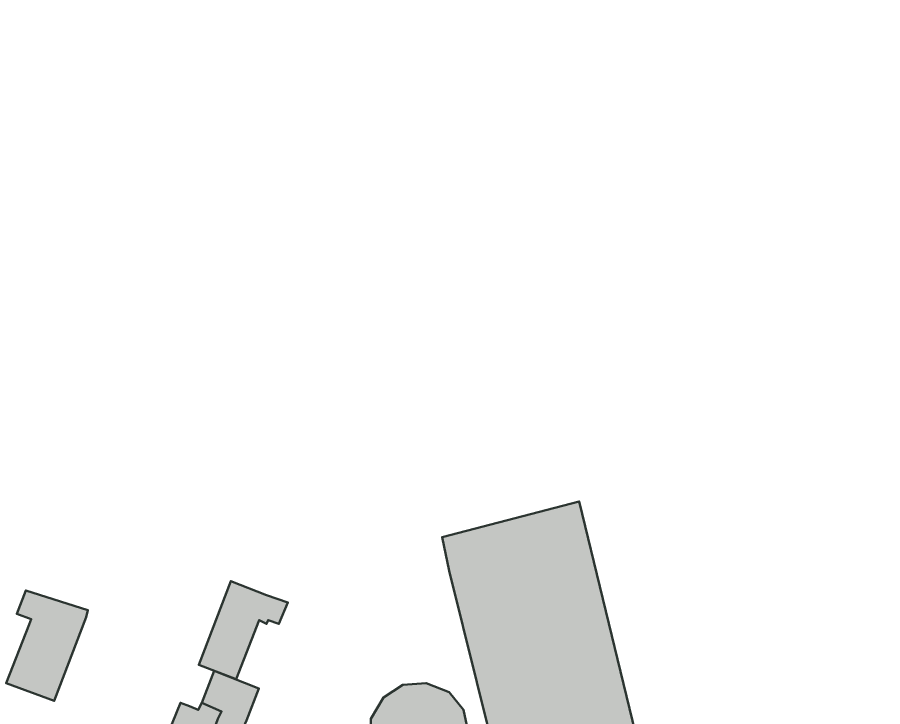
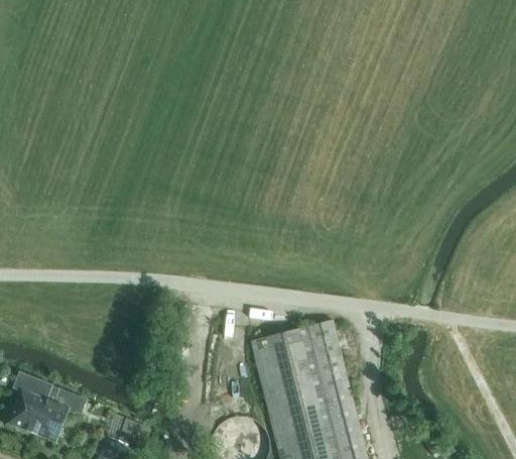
building: [199,581,288,679] -> [33,386,84,442]

